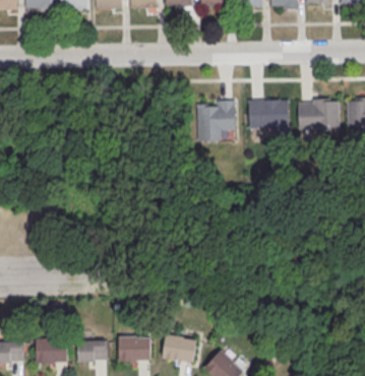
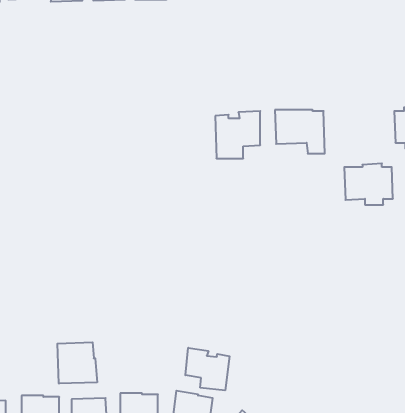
building: [298,100,339,134] -> [344,163,393,205]
building: none -> [57,342,97,384]
building: none -> [185,348,230,390]

